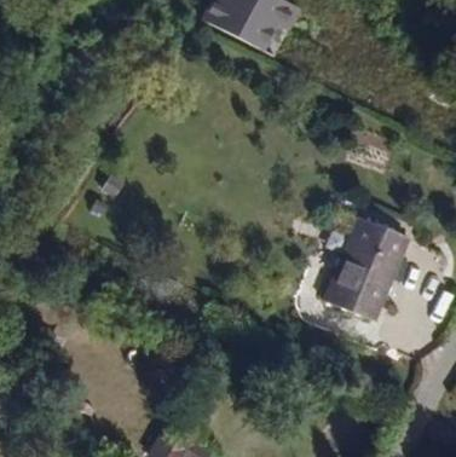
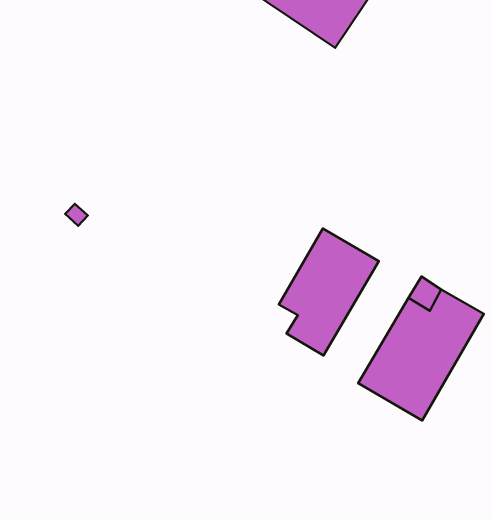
building: none -> [279,228,379,355]

